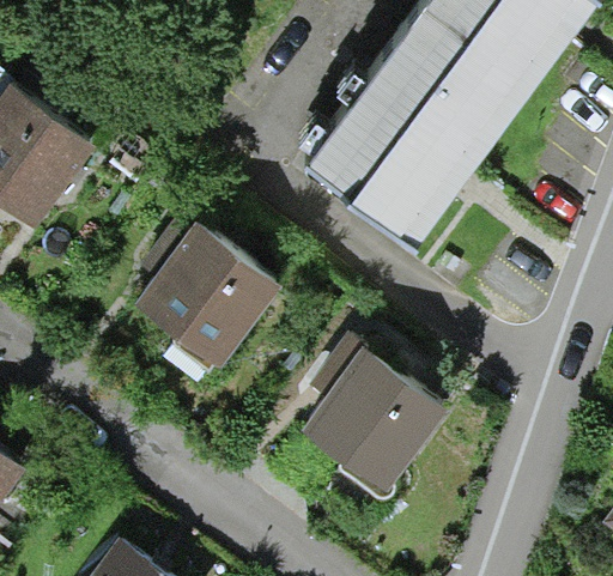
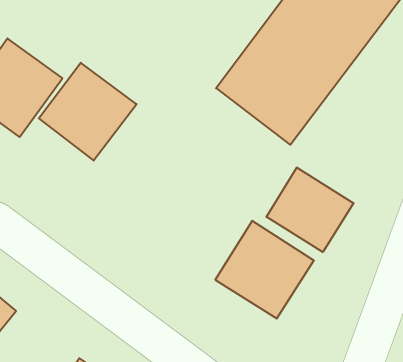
building: [141,224,280,363] -> [39,63,137,161]
building: none -> [266,167,354,252]

